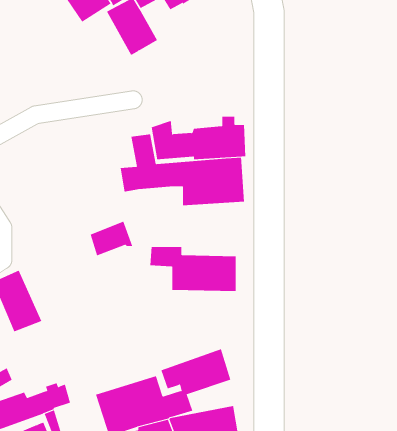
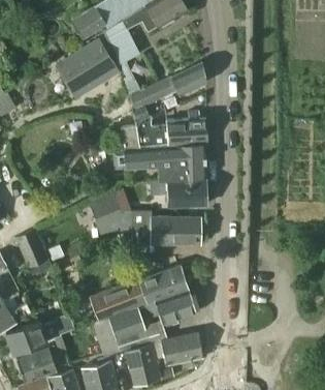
building: none -> [55,38,121,100]
building: none -> [132,62,206,121]
building: none -> [151,181,207,208]
building: none -> [94,211,135,237]
building: none -> [90,266,189,321]

